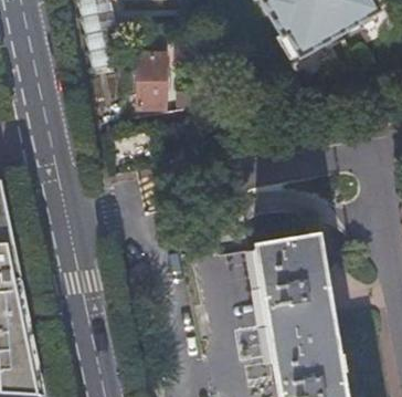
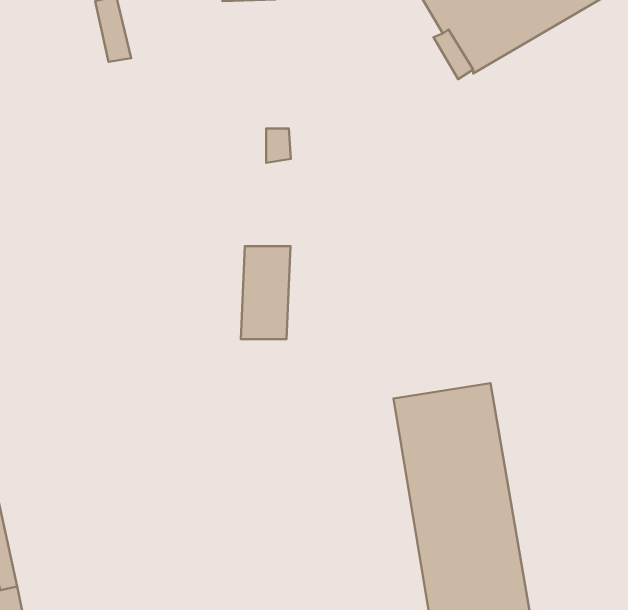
building: [139,52,168,106] -> [241,246,290,339]

